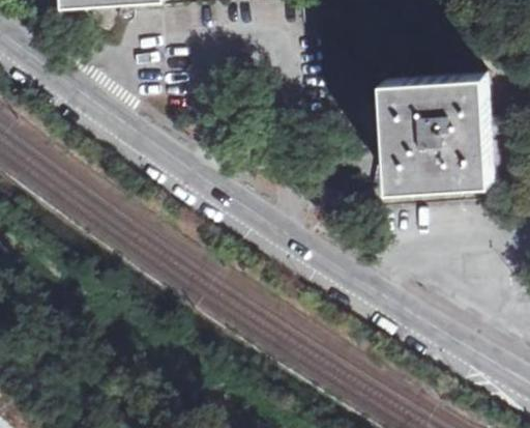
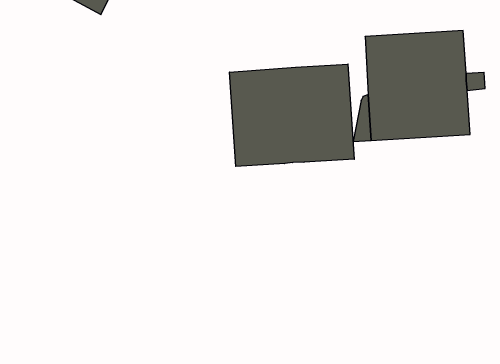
building: none -> [230,64,354,166]

